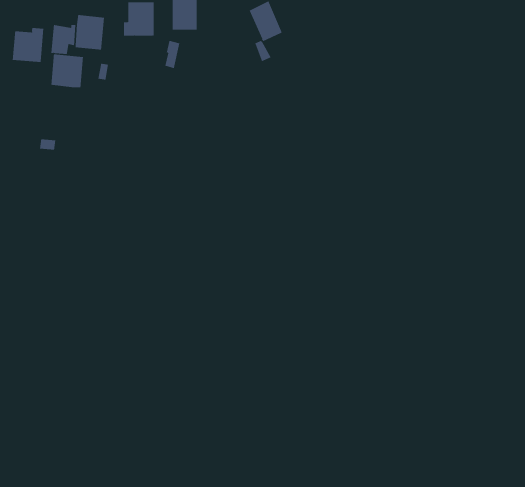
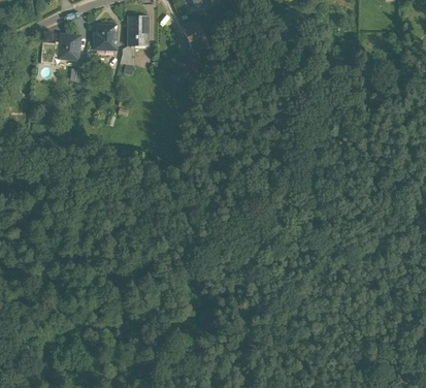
building: [12,27,44,63] -> none
building: [51,53,84,88] -> none

